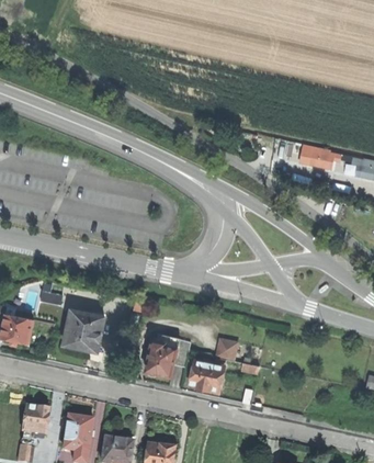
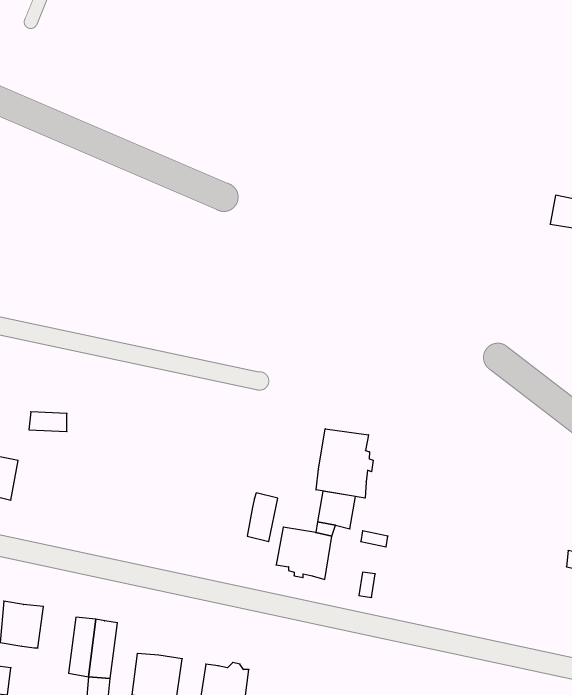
building: [299,147,332,169] -> none
building: none -> [316,429,373,498]
building: [63,309,103,351] -> none
building: [146,339,175,376] -> none

